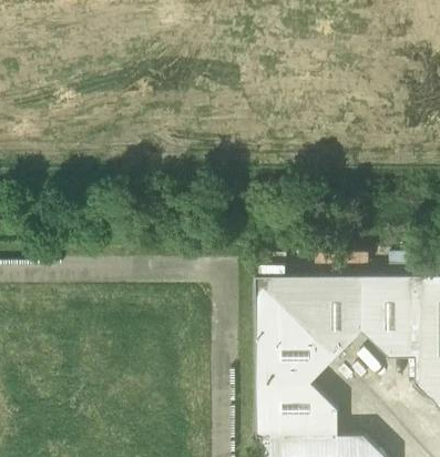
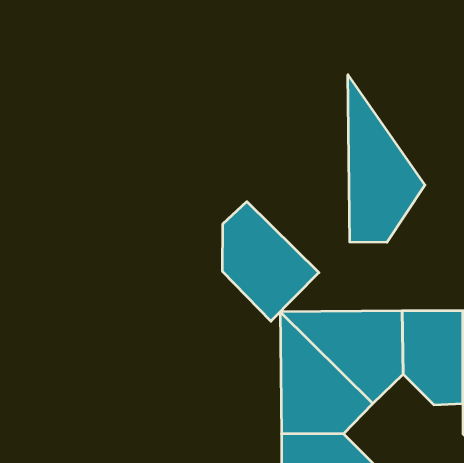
building: none -> [348,75,425,242]
building: none -> [223,202,319,321]

